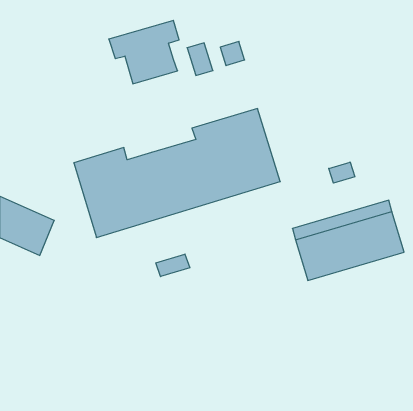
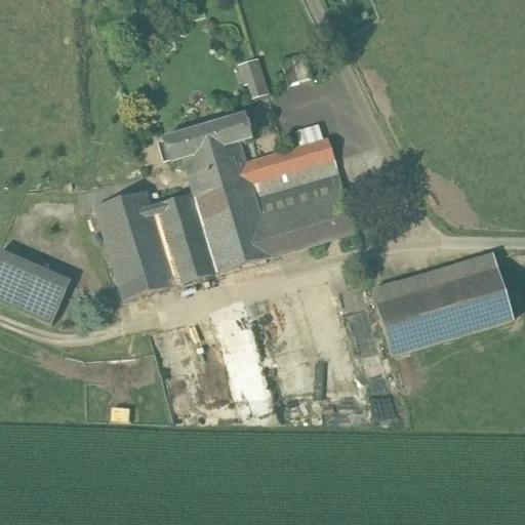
building: [109,20,179,84] -> [161,113,250,193]
building: [329,162,355,183] -> none
building: [156,254,190,277] -> none

